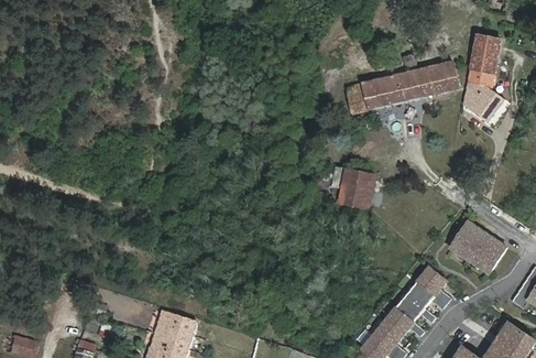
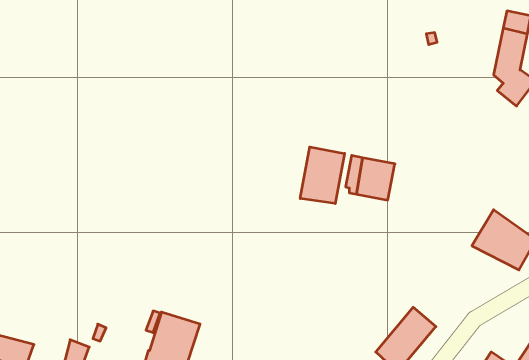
building: [347,61,459,113] -> none
building: none -> [300,147,345,204]
building: [392,263,447,324] -> none

